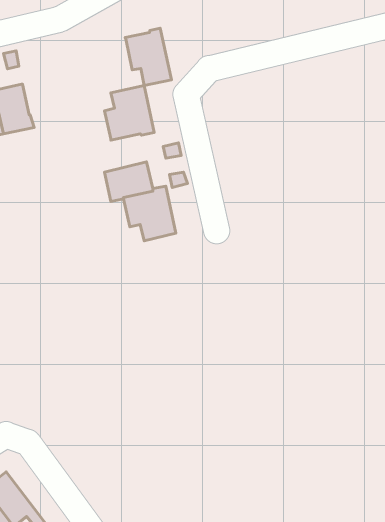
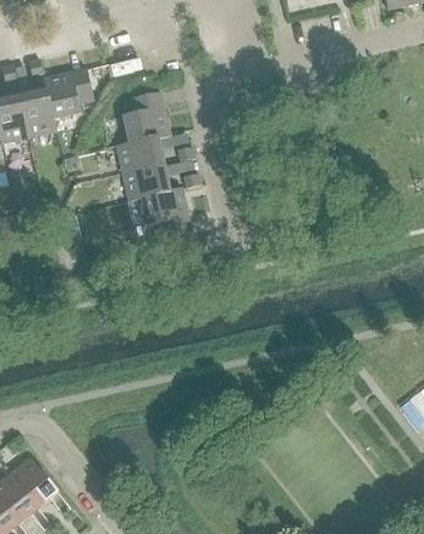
building: [125,28,171,85] -> none
building: none -> [42,70,93,121]
building: none -> [117,139,163,175]

